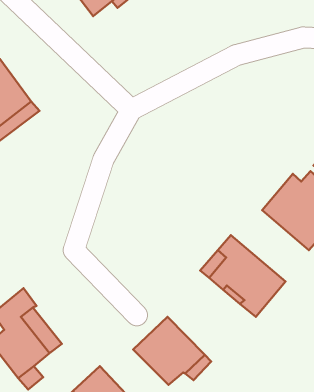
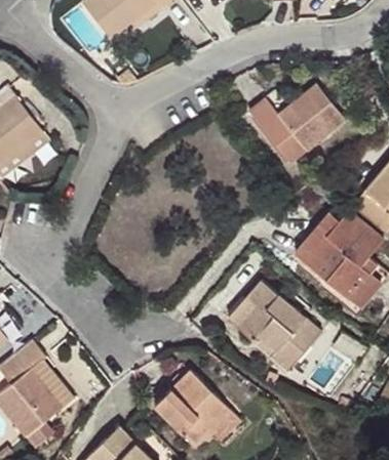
building: none -> [251,85,345,163]

